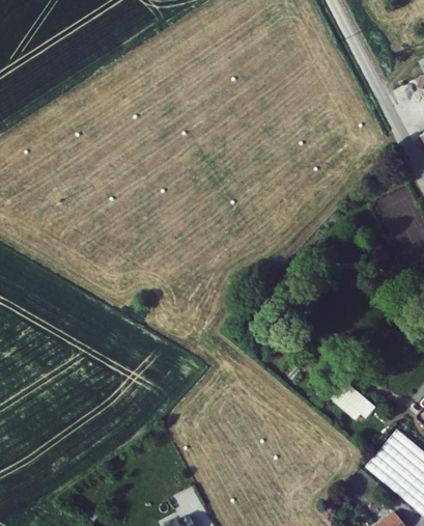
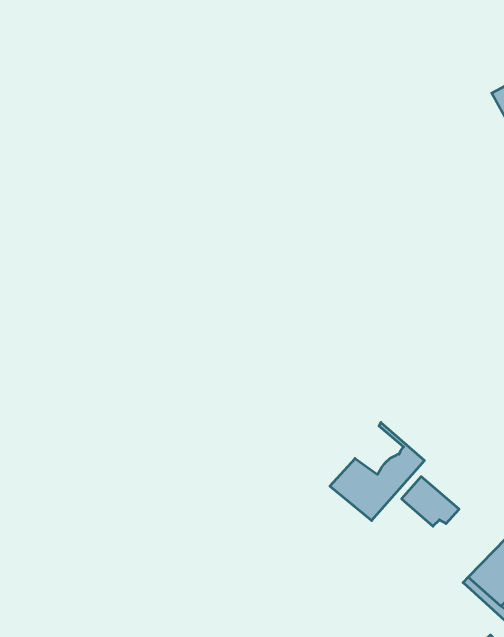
building: none -> [330,422,424,521]

